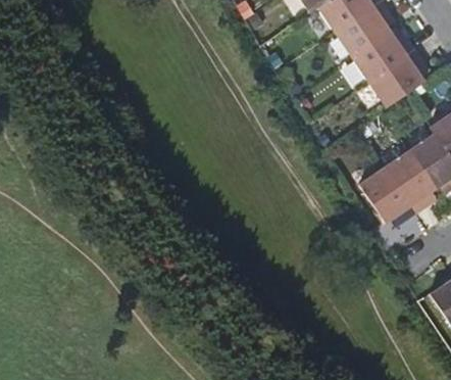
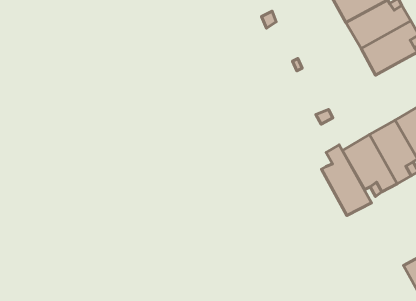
building: none -> [322,145,372,215]

